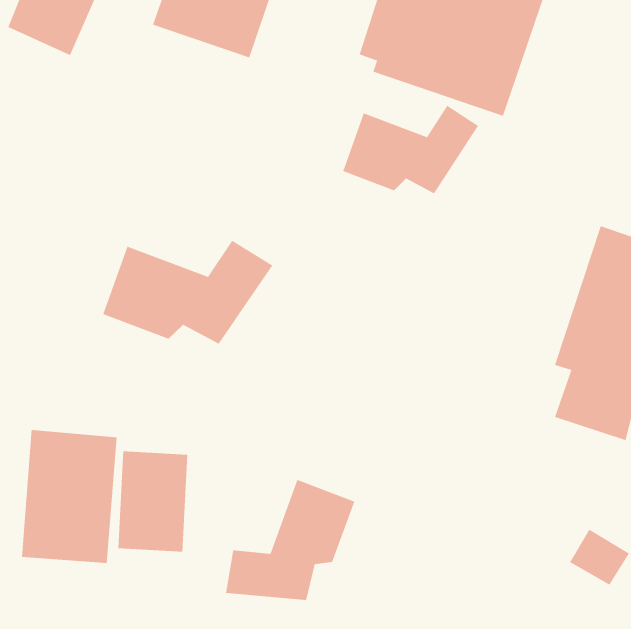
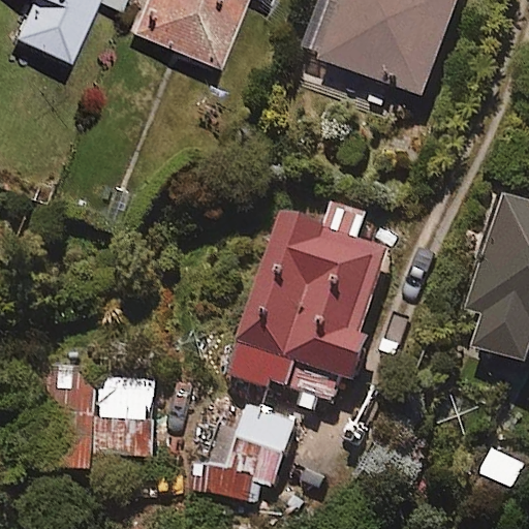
building: [342,105,479,194] -> none
building: none -> [226,193,391,400]
building: [102,240,273,344] -> none

